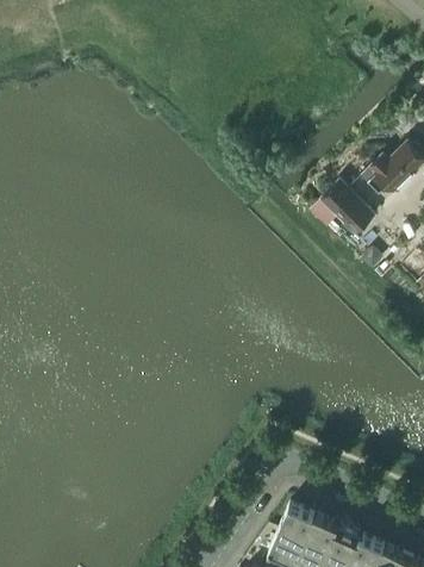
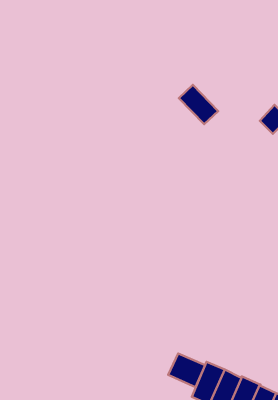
building: [320,181,374,235] -> [179,85,218,124]
building: none -> [168,353,205,387]

